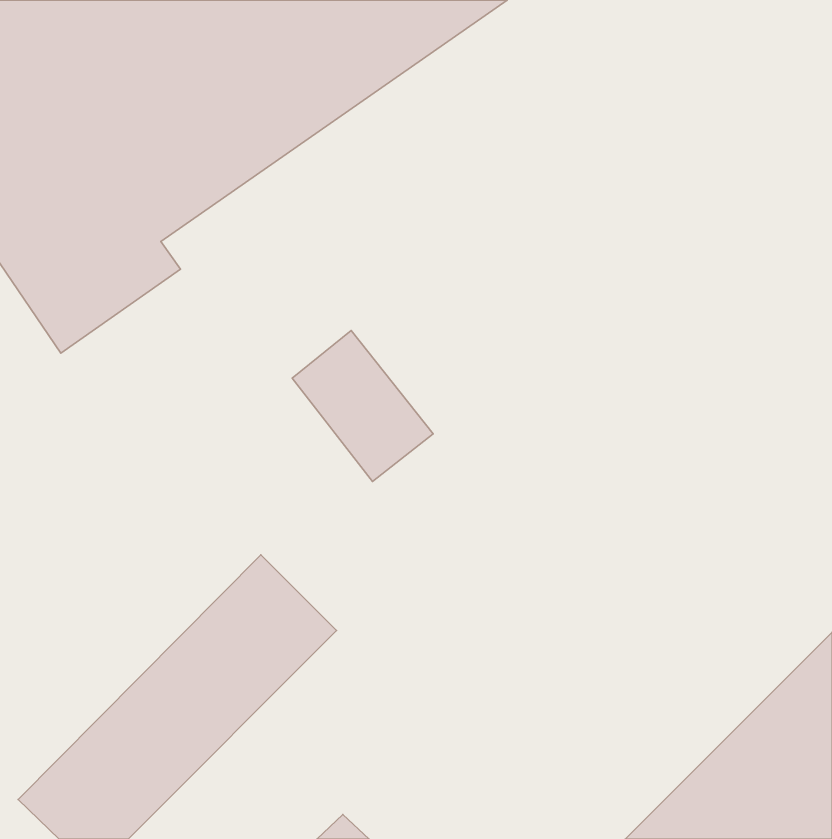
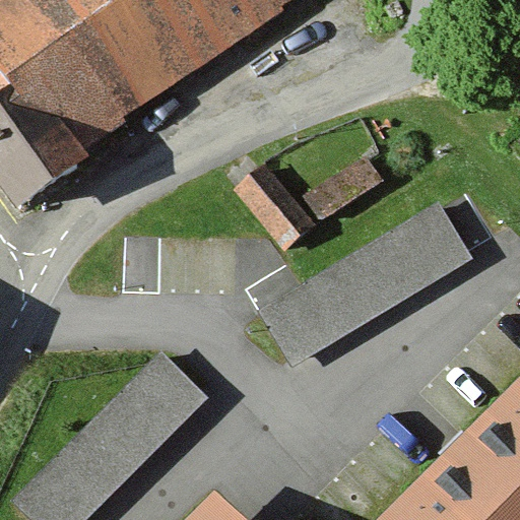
building: none -> [256,183,497,359]
building: [292,330,433,481] -> [230,165,317,258]

